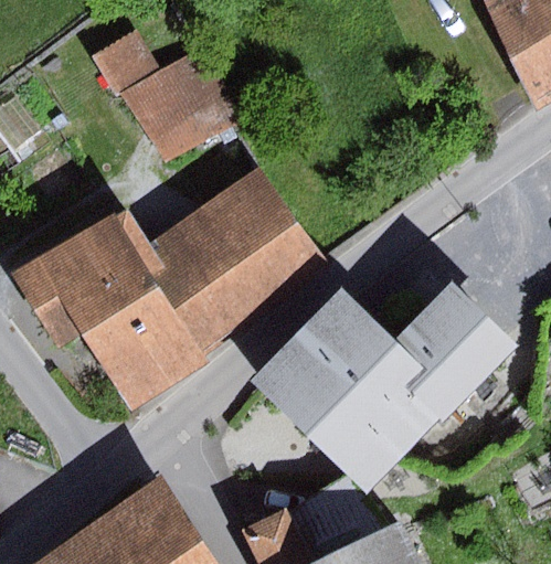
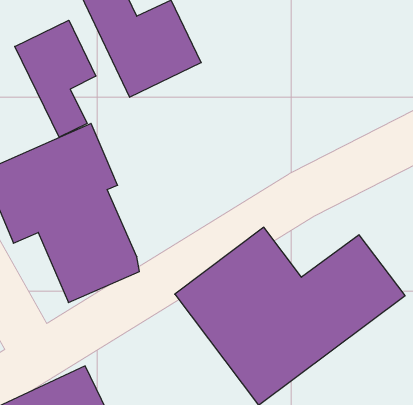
building: none -> [15,20,96,137]
building: [149,166,327,347] -> none

